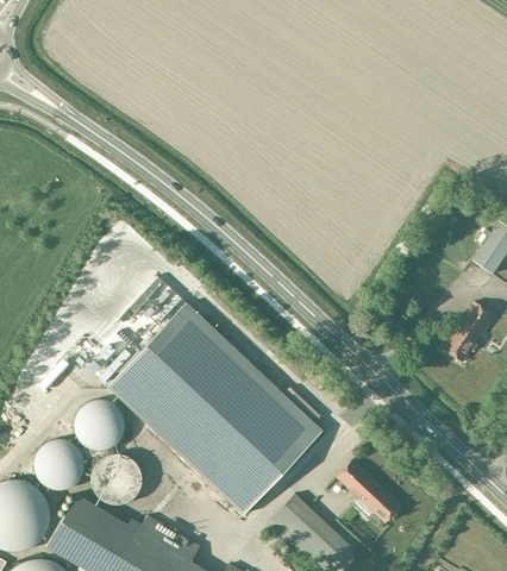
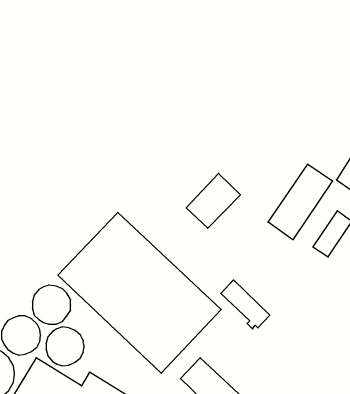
building: none -> [268,164,333,240]
building: none -> [186,173,240,228]
building: [337,460,401,525] -> [221,280,270,329]

